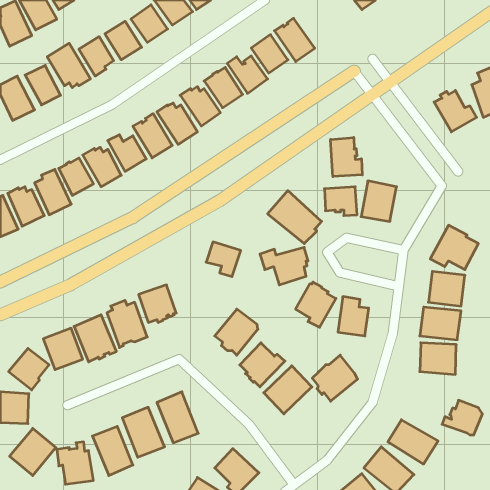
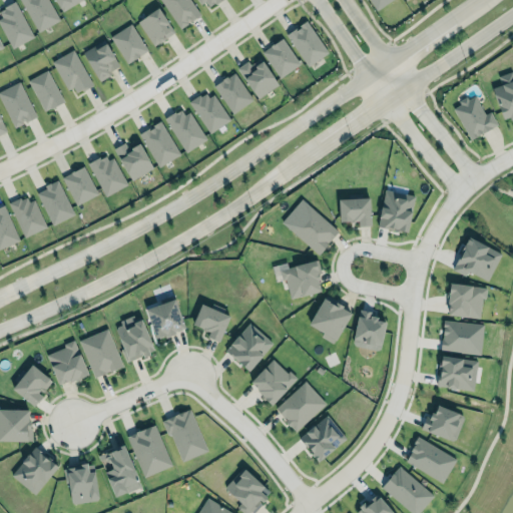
building: [331,137,362,177] -> none
building: [206,242,241,277] -> [194,307,230,343]
building: [312,355,358,401] -> [299,415,346,463]
building: [442,400,482,435] -> [421,405,463,441]

